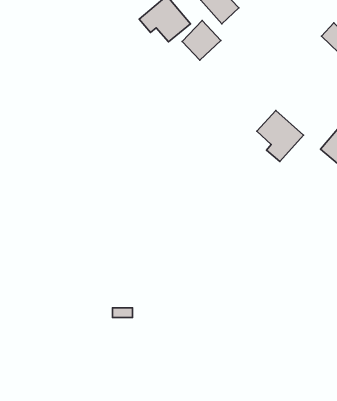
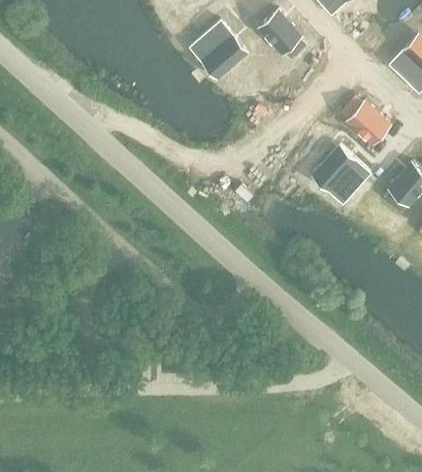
building: [182,21,221,60] -> none
building: none -> [347,102,389,143]

